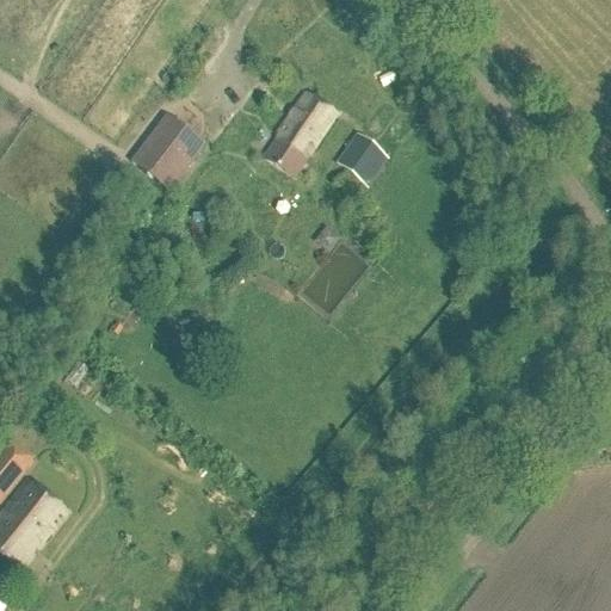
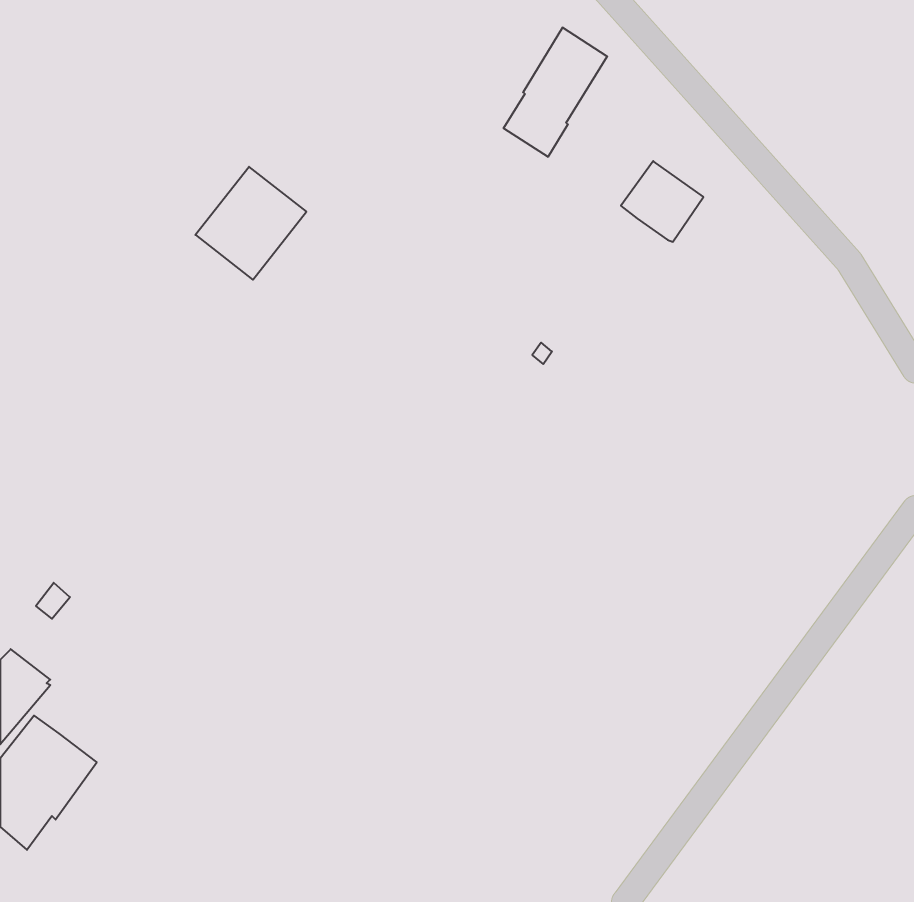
building: [264,91,333,177] -> [503,28,607,157]
building: [334,128,389,181] -> [621,161,703,242]

